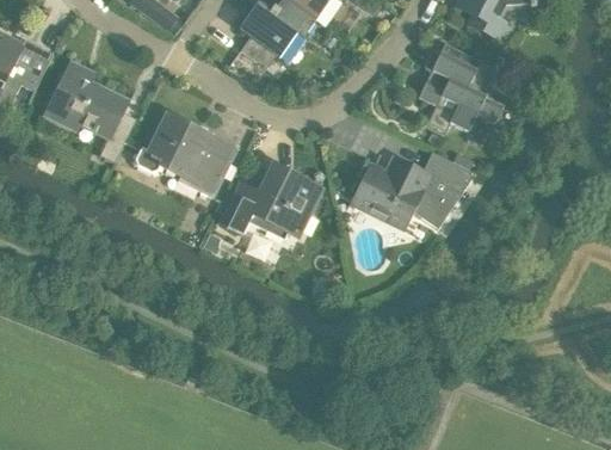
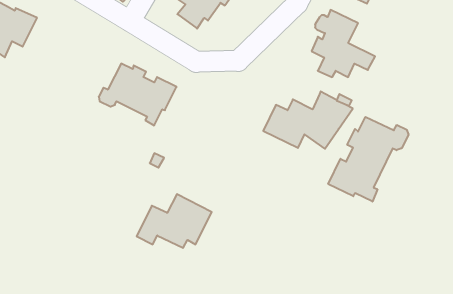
building: [44,61,135,161] -> none
building: [221,167,321,239] -> [137,194,212,248]
building: none -> [328,117,408,202]

